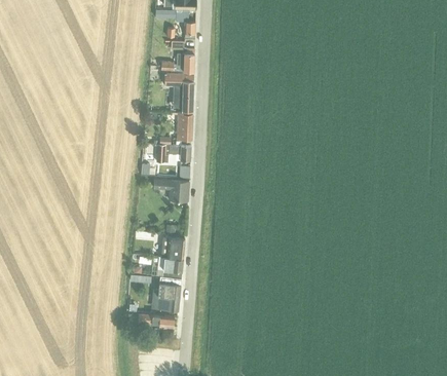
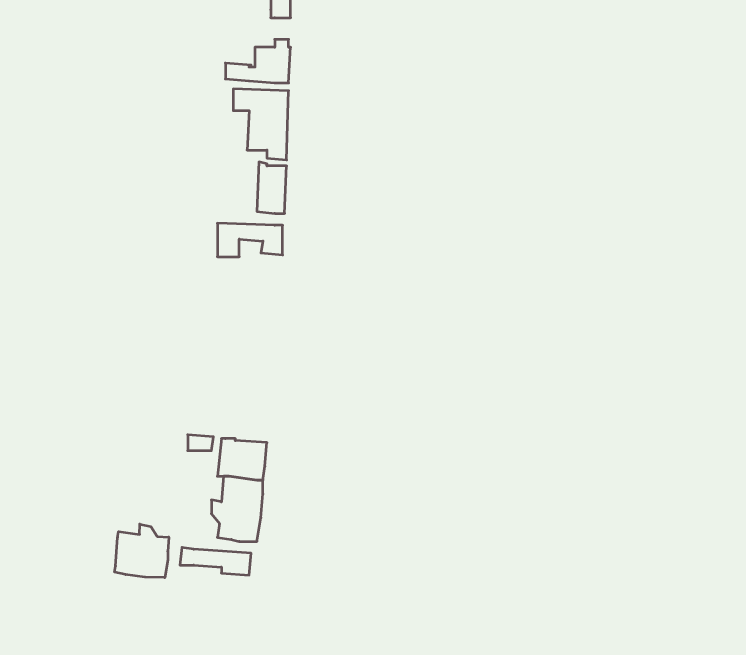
building: [151,178,187,200] -> none
building: [159,235,183,258] -> none
building: none -> [115,524,169,578]

